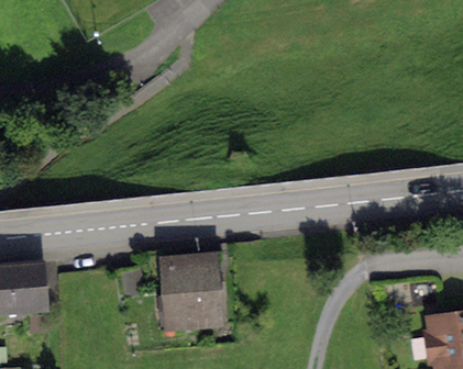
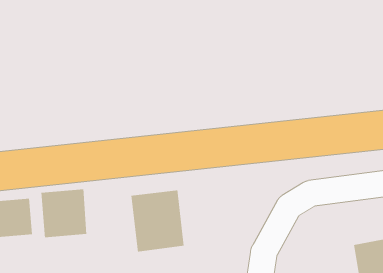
building: none -> [41,188,87,238]

